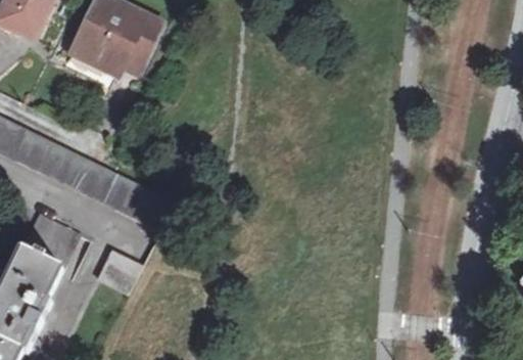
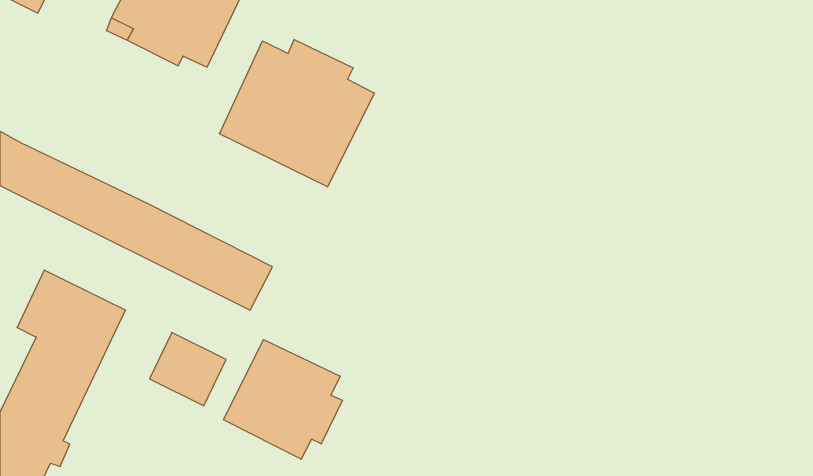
building: none -> [219,39,375,187]
building: none -> [223,340,342,459]

